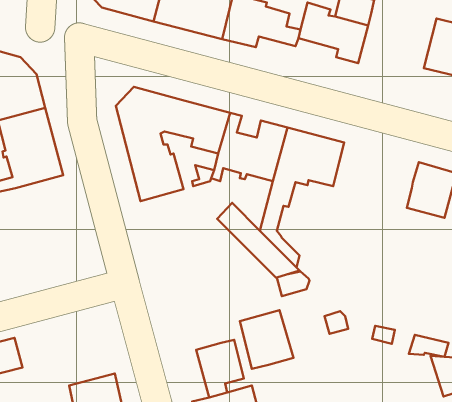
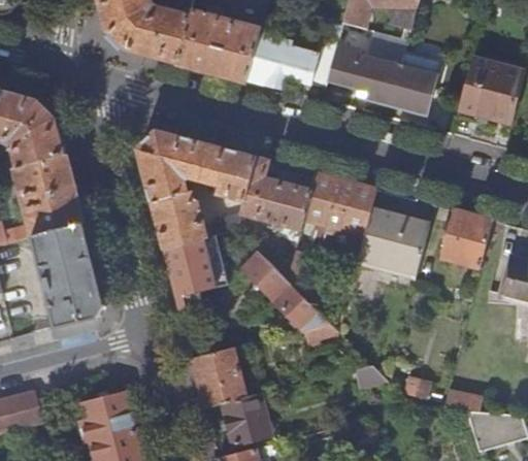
building: none -> [389,54,437,114]
building: none -> [356,208,427,272]
building: none -> [33,222,103,326]
building: none -> [163,234,228,309]
building: [240,310,293,369] -> [191,347,246,407]
building: none -> [80,392,136,441]

